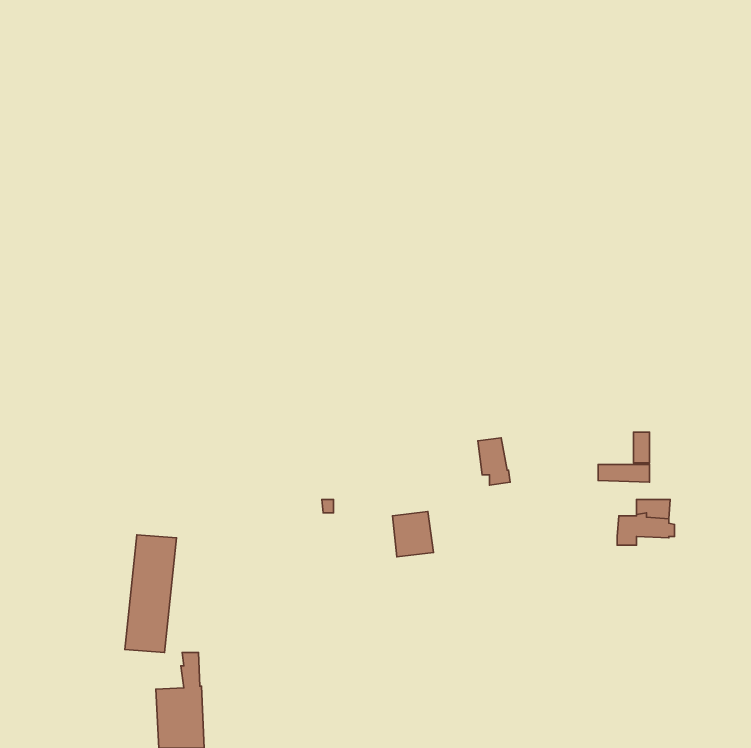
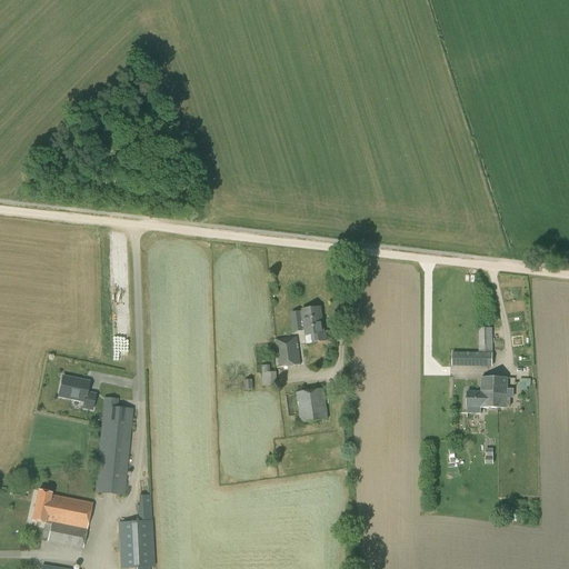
building: [478,438,510,485] -> [302,306,327,341]
building: none -> [274,335,301,366]
building: none -> [58,375,94,408]
building: none -> [32,490,90,541]

